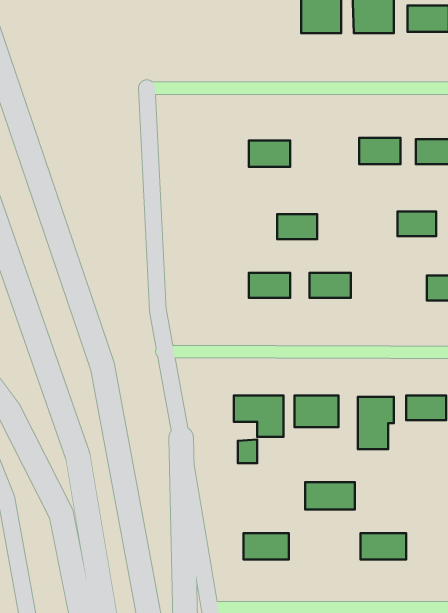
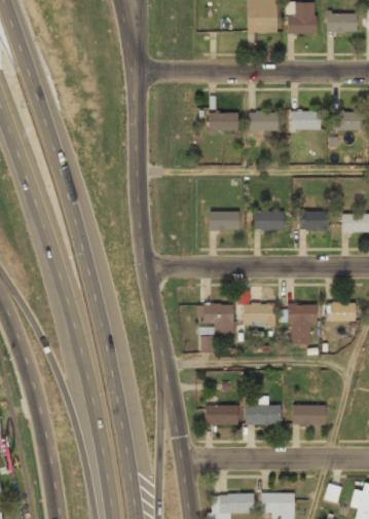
building: [397,211,436,236] -> [300,212,329,230]
building: [277,214,317,239] -> [249,112,279,131]
building: [305,482,355,510] -> [245,405,282,425]

